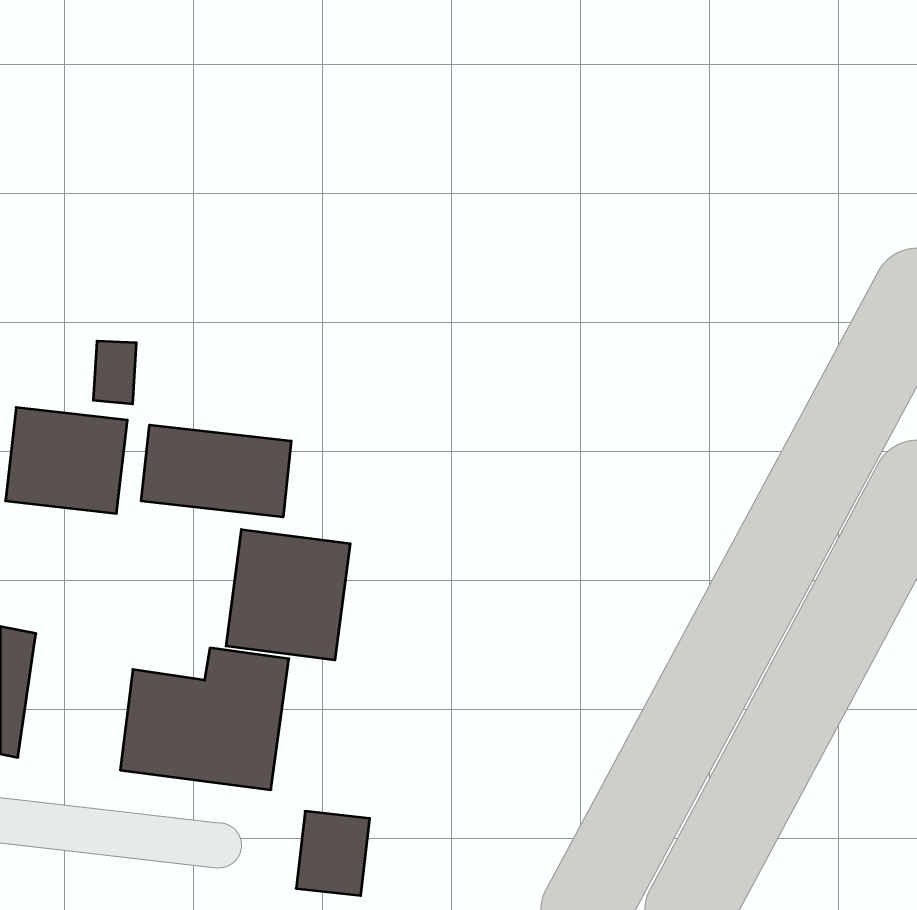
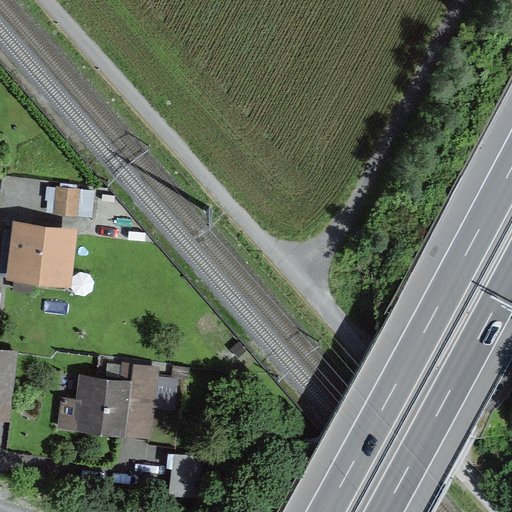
building: [141,425,291,517] -> none
building: [226,529,350,660] -> none

